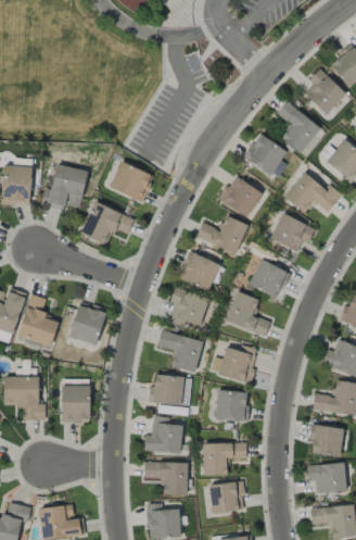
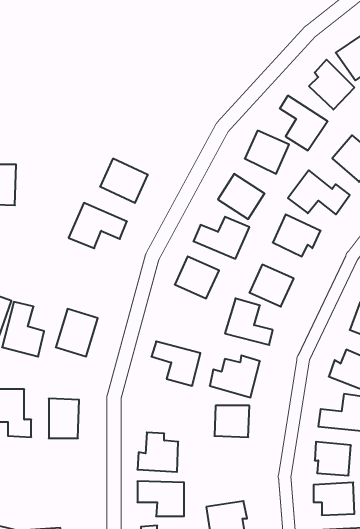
building: [40,164,87,210] -> none
building: [167,287,208,327] -> none
building: [148,375,182,405] -> none
building: [201,442,245,476] -> none

